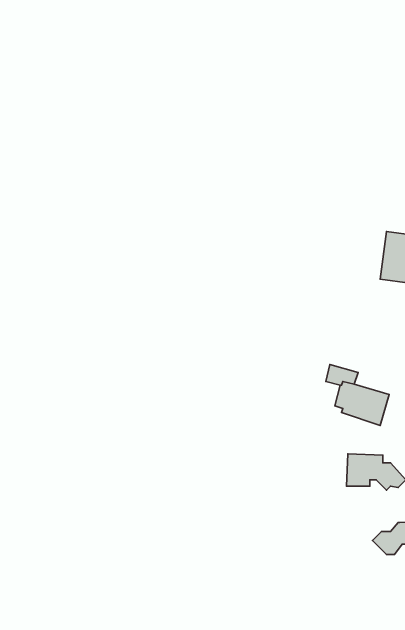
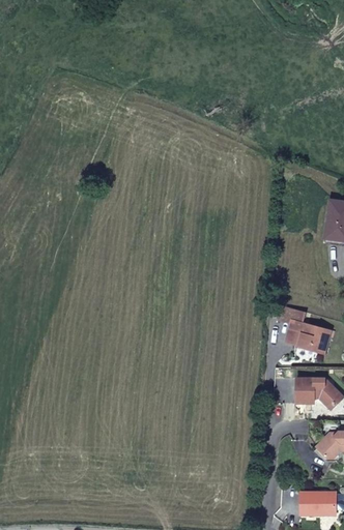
building: none -> [300,491,337,513]

